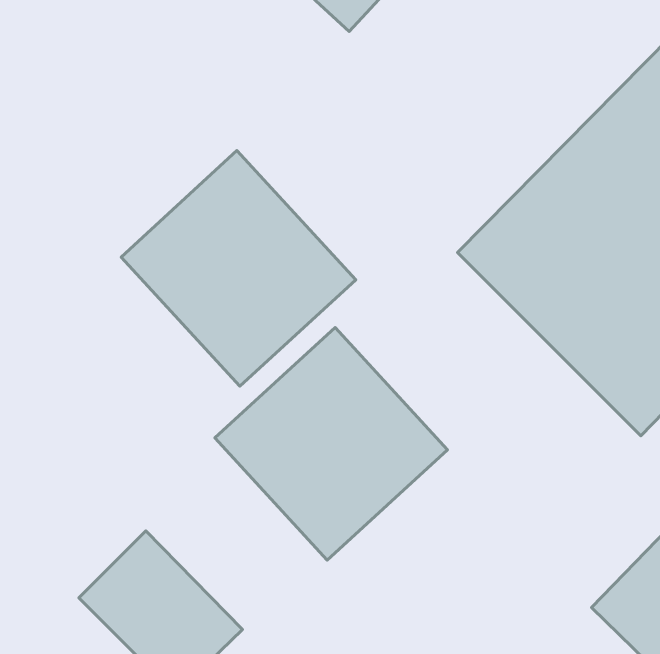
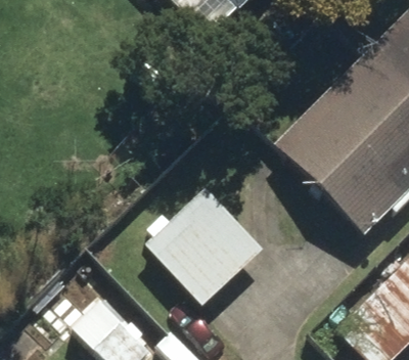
building: [121,151,356,386] -> none

